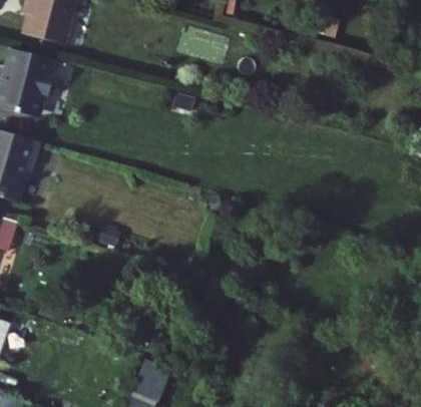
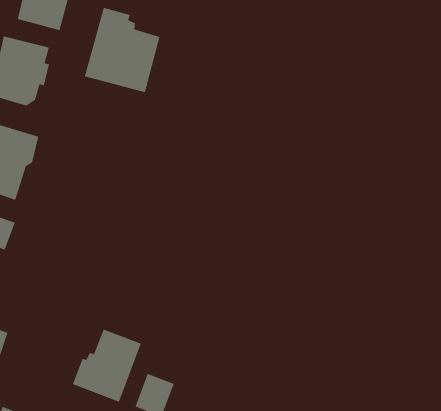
building: none -> [84,7,161,93]
building: none -> [72,329,142,403]

